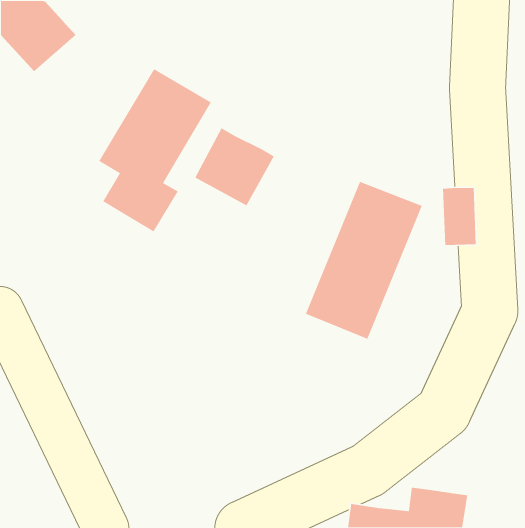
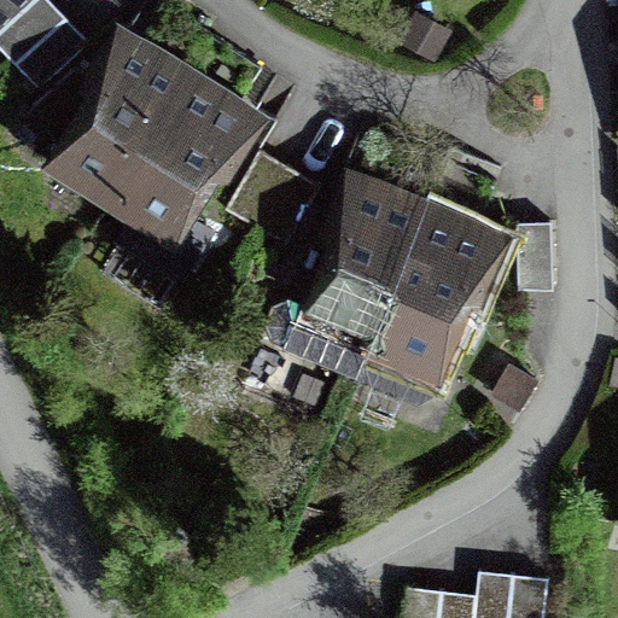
building: none -> [57,42,183,188]
building: none -> [293,183,424,367]

